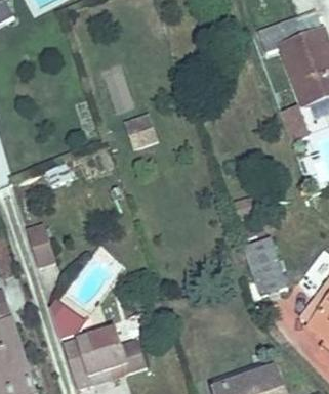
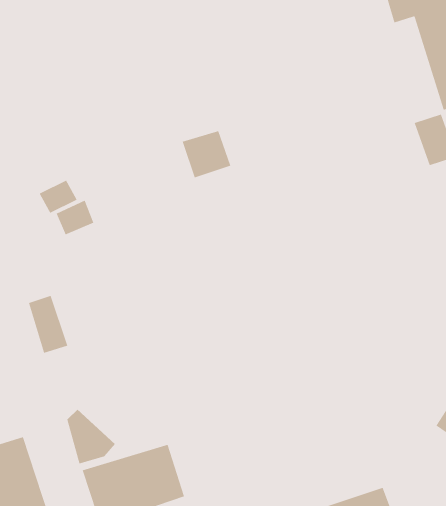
building: [245,237,283,291] -> none

